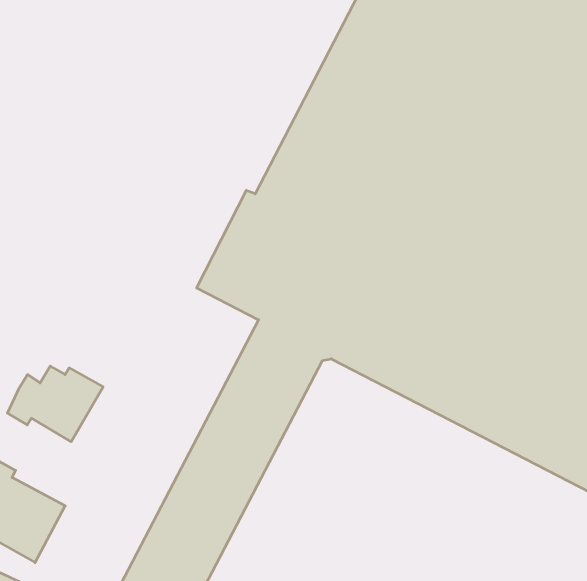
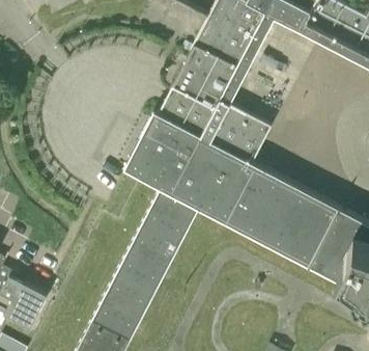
building: [7,366,103,442] -> none

